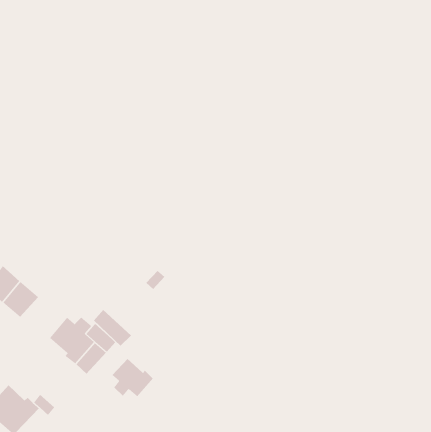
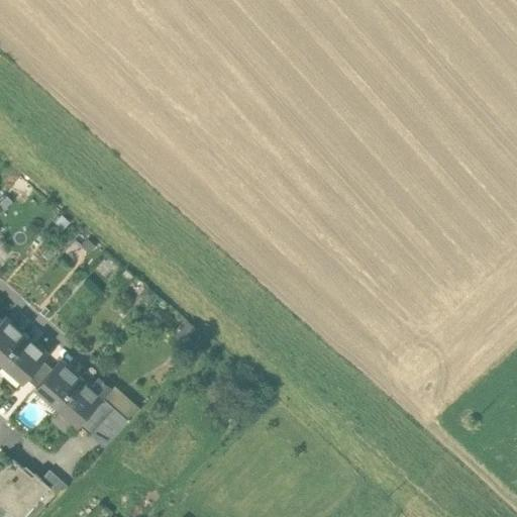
building: none -> [36,360,80,404]
building: [93,309,132,347] -> none
building: [112,358,153,397] -> none

